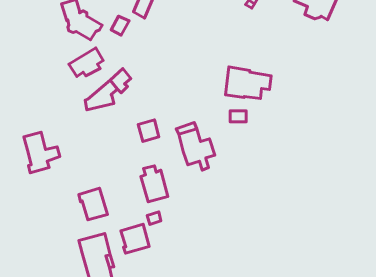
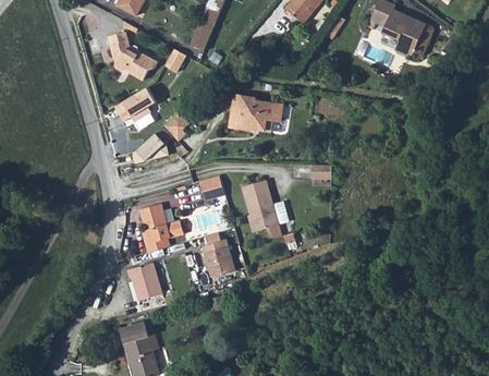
building: [225,67,271,98] -> [222,93,278,131]
building: [24,132,60,173] -> [138,202,182,251]
building: [121,224,149,253] -> none

